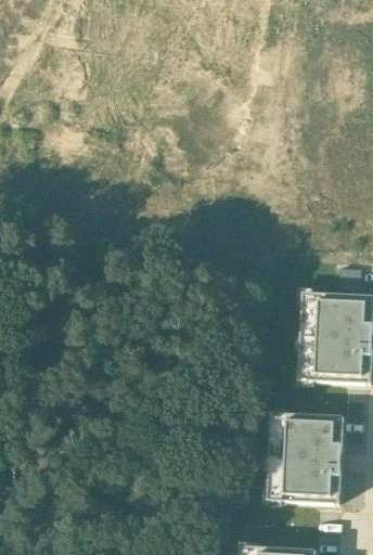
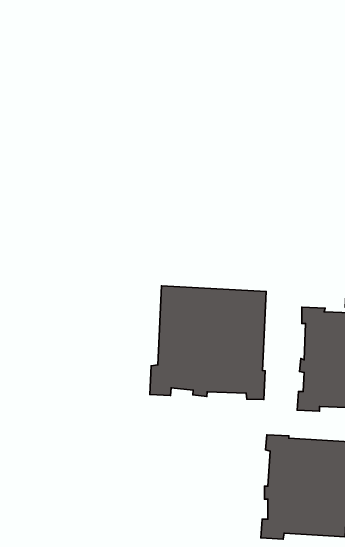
building: none -> [150,286,266,400]

